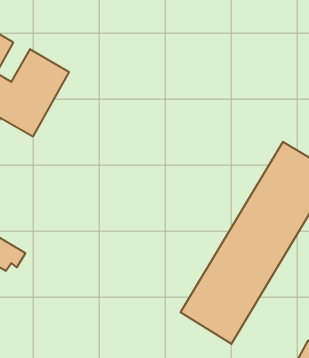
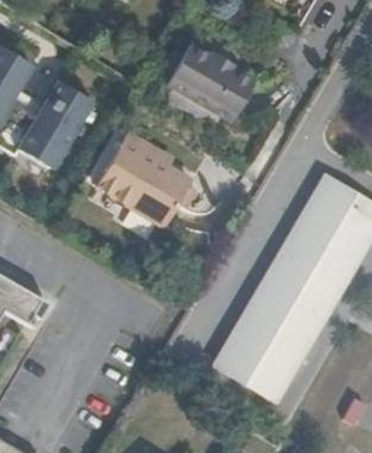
building: none -> [166,43,253,120]
building: none -> [94,129,187,223]

